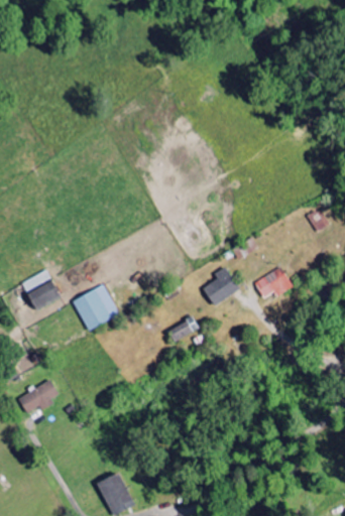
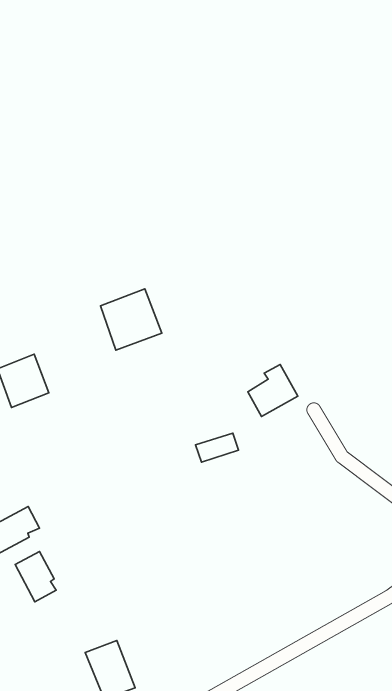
building: [254,266,294,298] -> none
building: [73,285,118,331] -> [100,289,162,350]
building: none -> [15,551,56,602]

